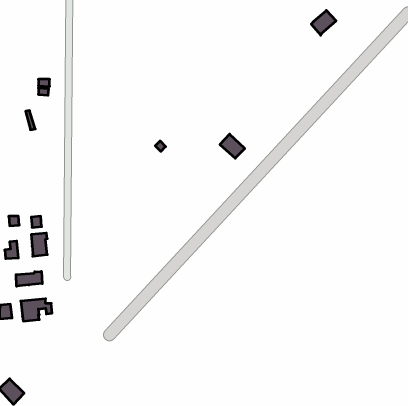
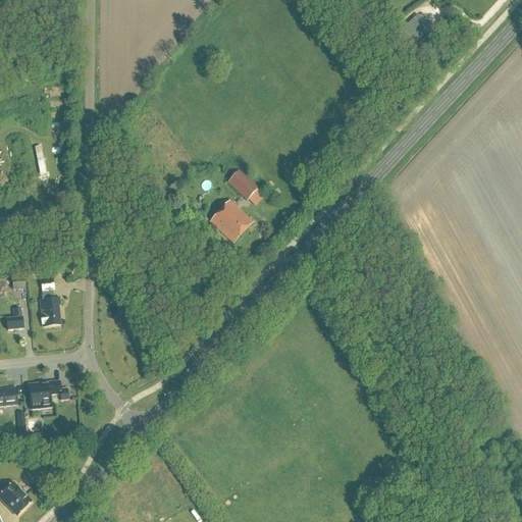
building: [220,134,245,158] -> [225,167,257,198]
building: none -> [209,199,252,242]
building: [16,271,42,286] -> none

